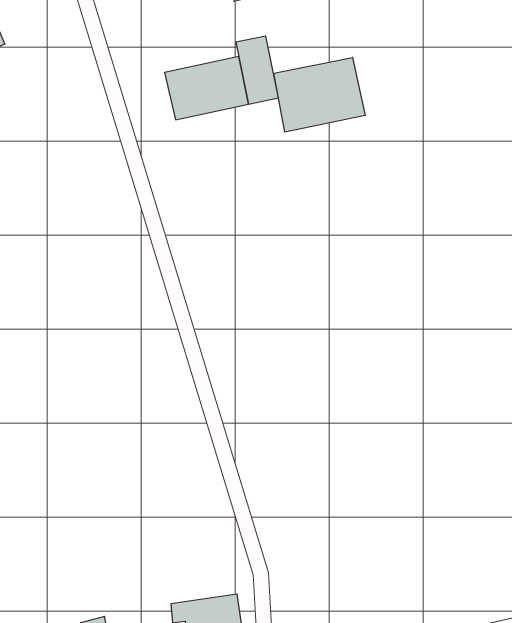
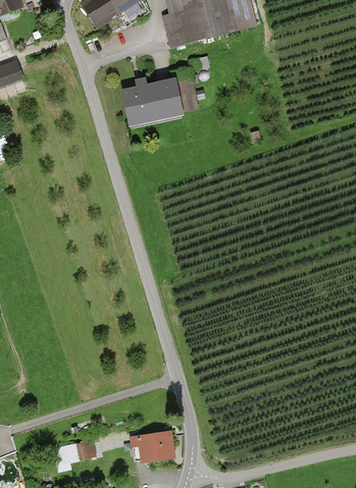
building: [274,57,365,132] -> none

